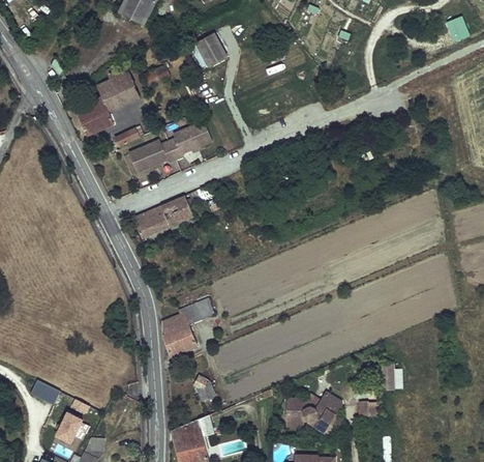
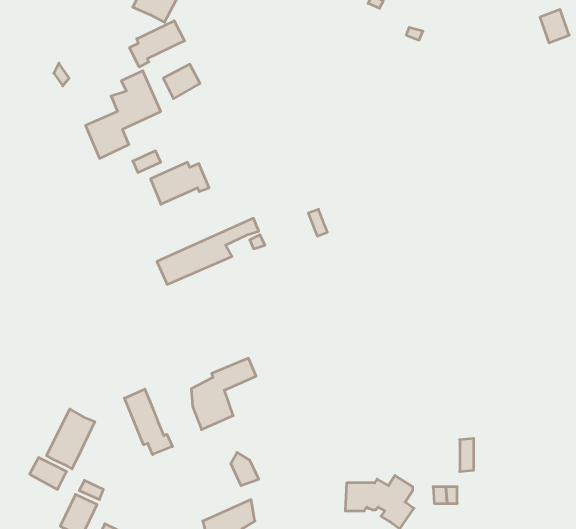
building: none -> [130,21,185,67]
building: [196,33,228,66] -> none
building: [169,121,213,160] -> none
building: none -> [124,389,172,455]
building: none -> [47,409,95,469]

